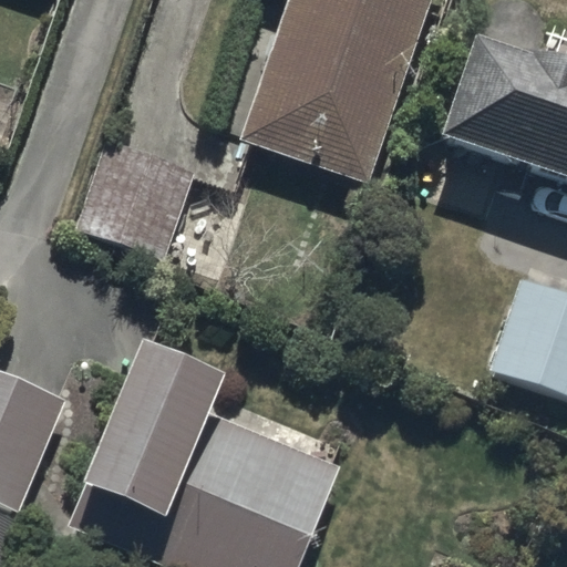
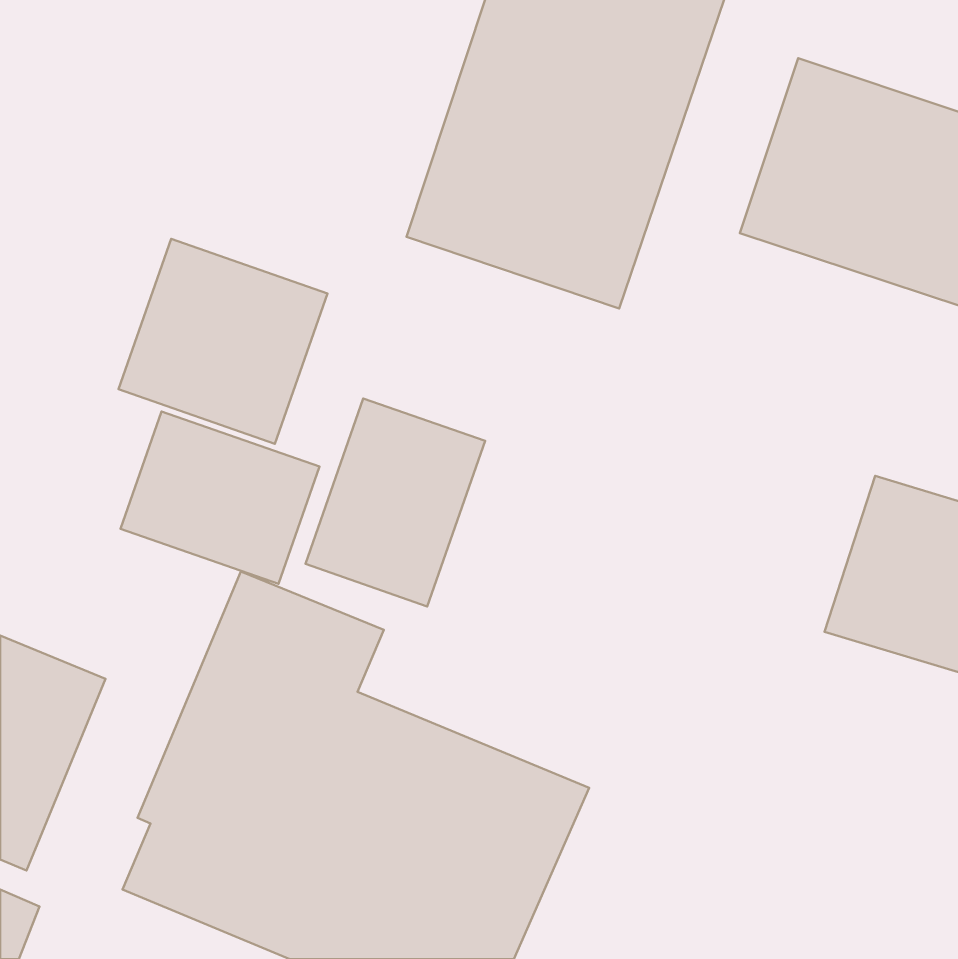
building: none -> [305,398,485,606]
building: none -> [121,411,320,584]

